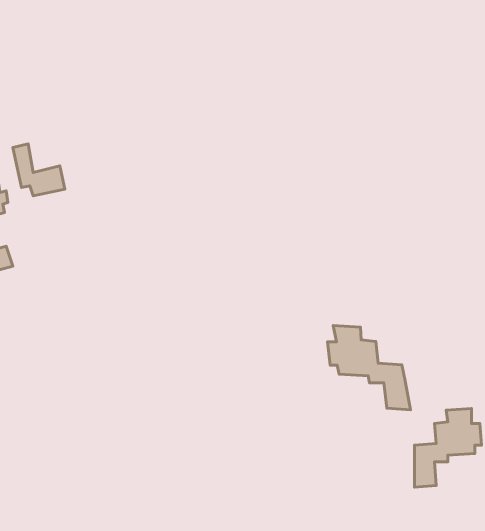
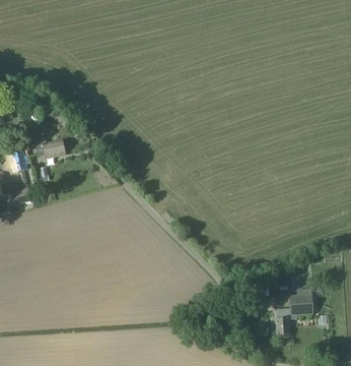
building: [327,326,411,410] -> none

